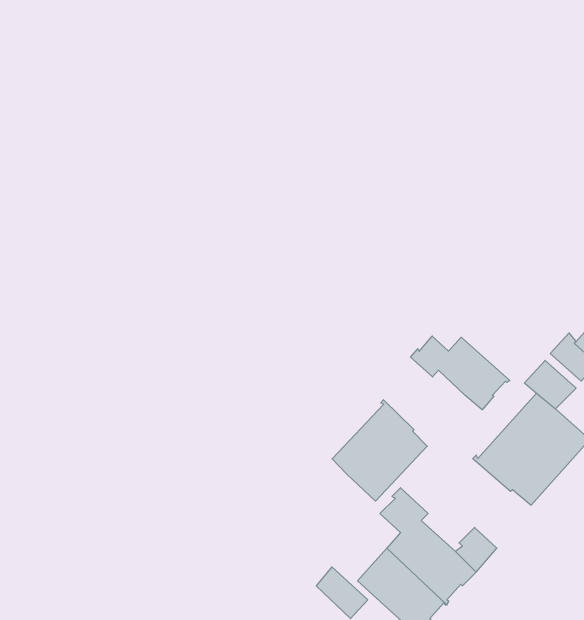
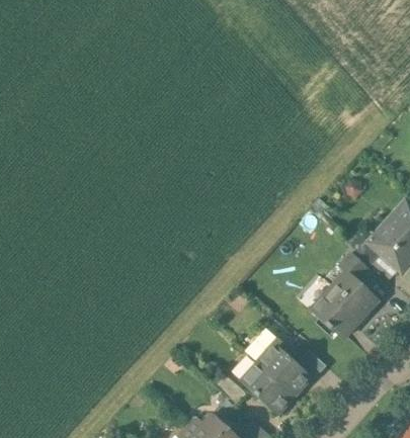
building: [411,336,510,410] -> none
building: [332,400,427,501] -> none

